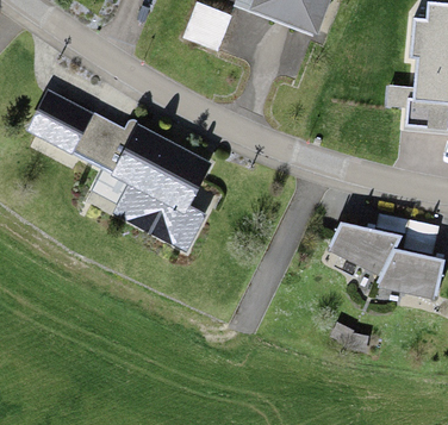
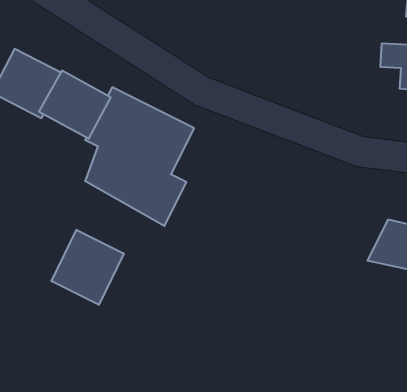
building: [328,221,402,277] -> none
building: none -> [51,230,124,305]

